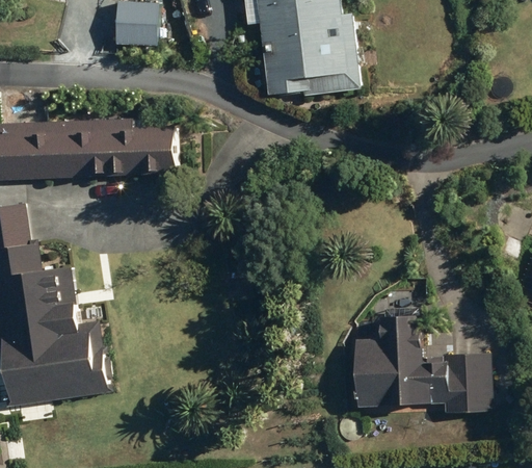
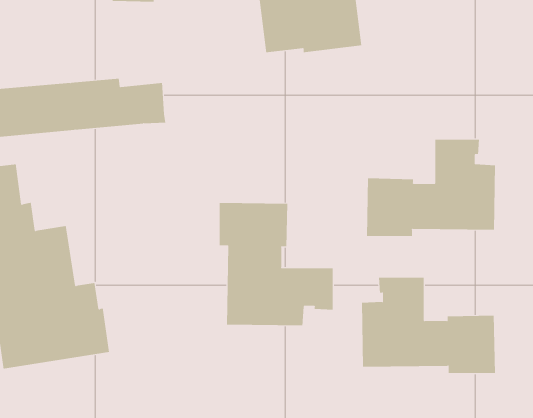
building: none -> [367,139,496,237]
building: none -> [219,202,333,326]

